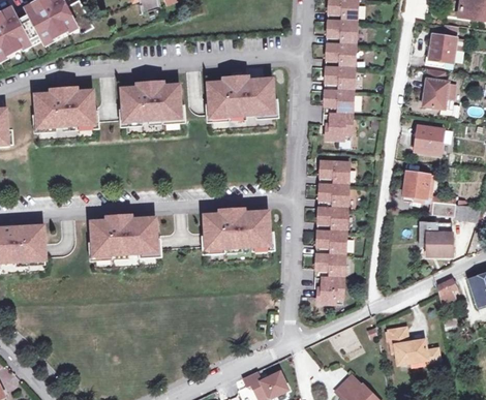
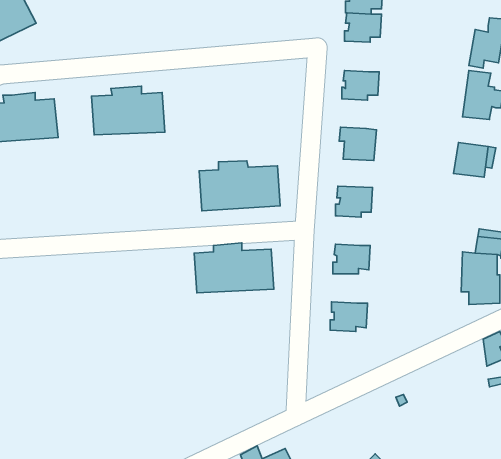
building: [325,44,355,69] -> none
building: [208,75,273,116] -> [199,161,280,211]
building: [323,91,353,115] -> none
building: [402,172,429,202] -> none
building: [317,185,347,209] -> none
building: [92,213,156,254] -> none
building: [315,232,345,255] -> none
building: [313,277,342,304] -> none
building: [387,328,438,364] -> none

